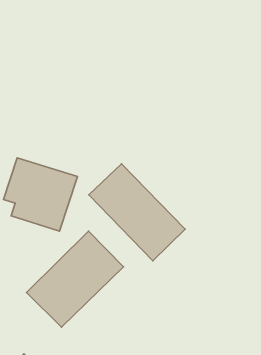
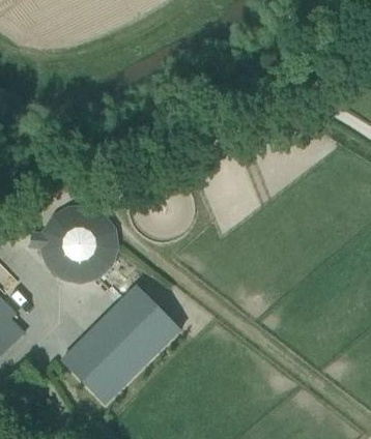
building: [89,164,185,261] -> none

